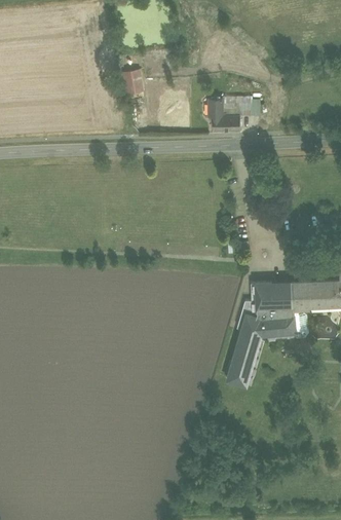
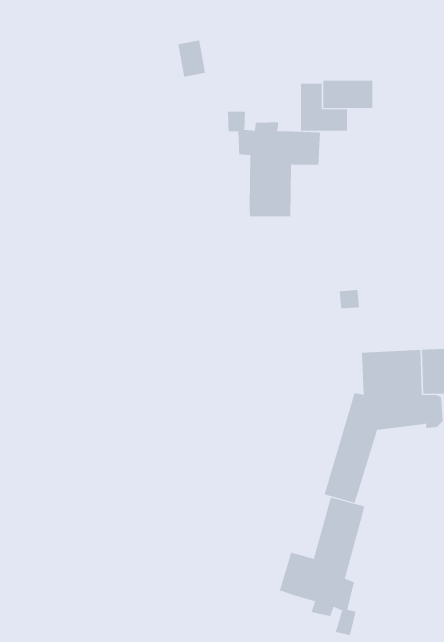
building: none -> [228,111,320,217]
building: none -> [279,497,365,636]

